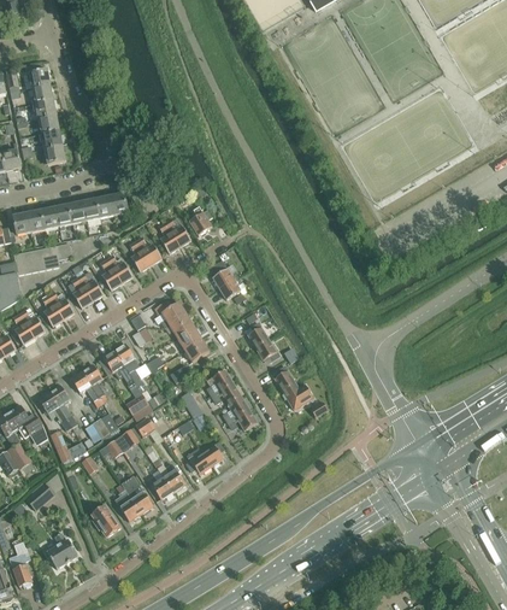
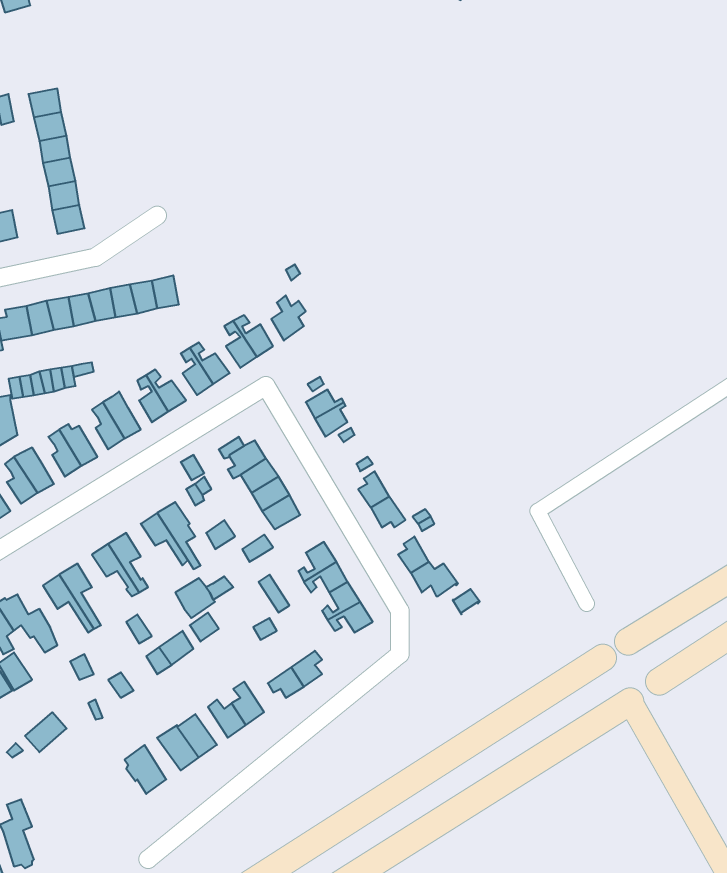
building: [46,532,77,568] -> none

